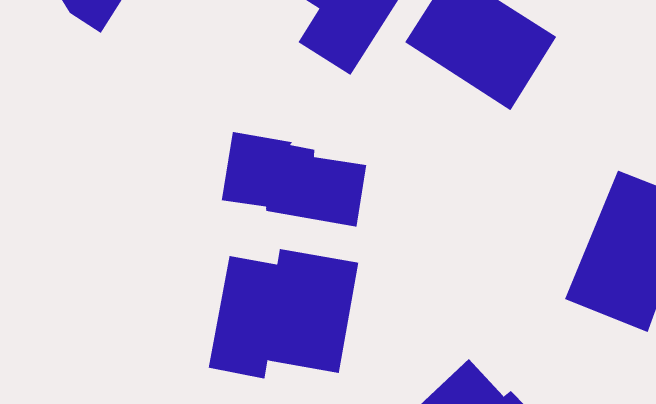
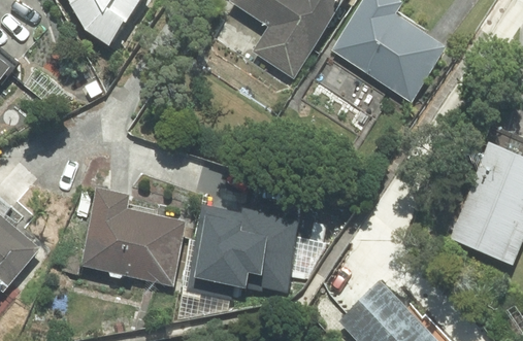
building: [221,131,367,228] -> none
building: none -> [83,189,184,282]

